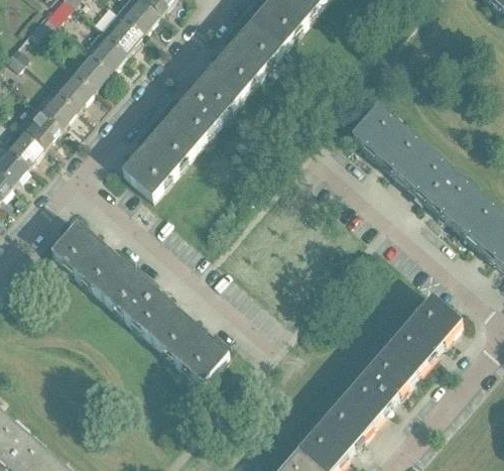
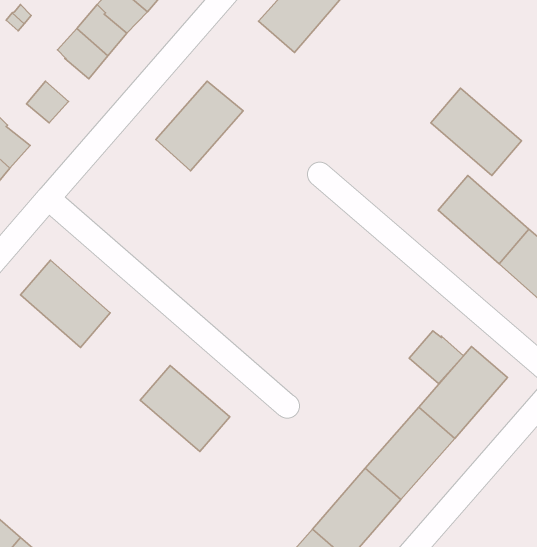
building: [209,19,282,95] -> none
building: [73,50,109,87] -> none
building: [39,89,76,124] -> none
building: [352,105,428,179] -> [431,88,522,176]
building: [122,119,195,196] -> none
building: [102,265,177,339] -> none
building: none -> [409,331,463,384]

